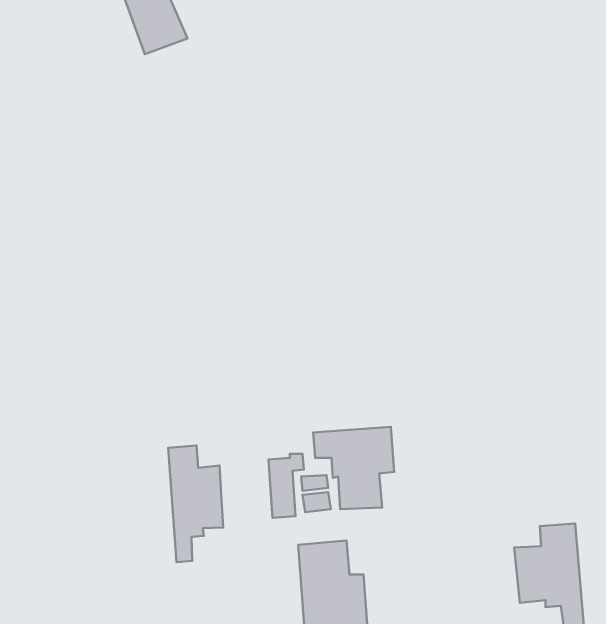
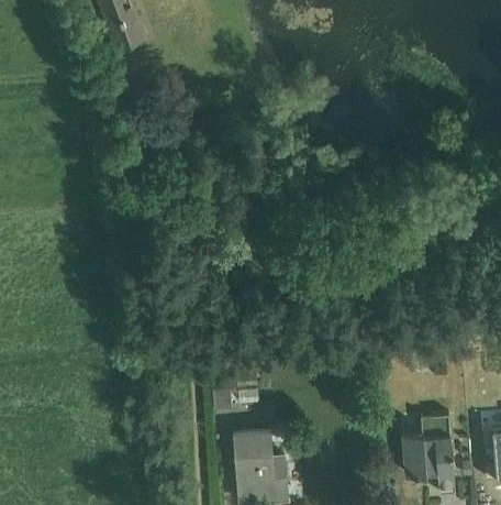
building: [313,427,394,509] -> none
building: [168,446,223,562] -> none

